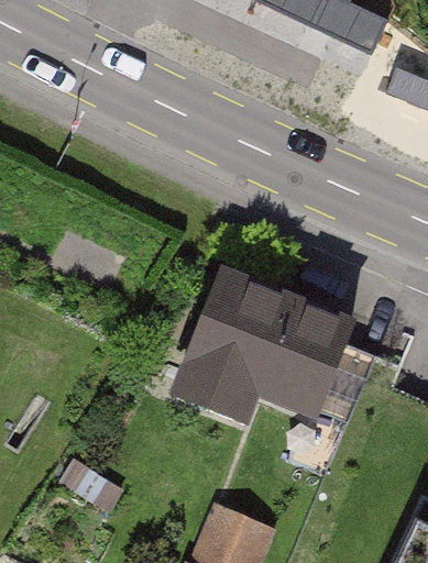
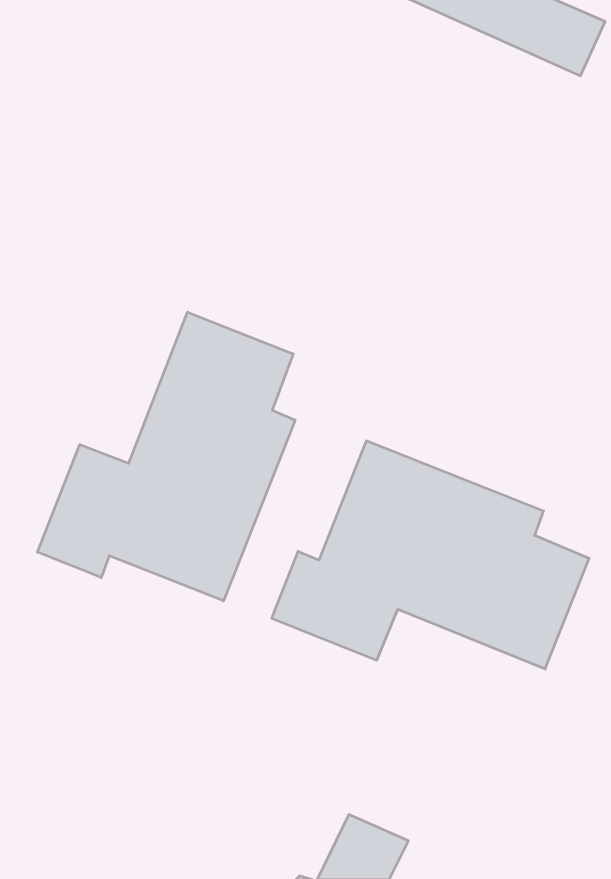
building: none -> [37,312,295,601]

